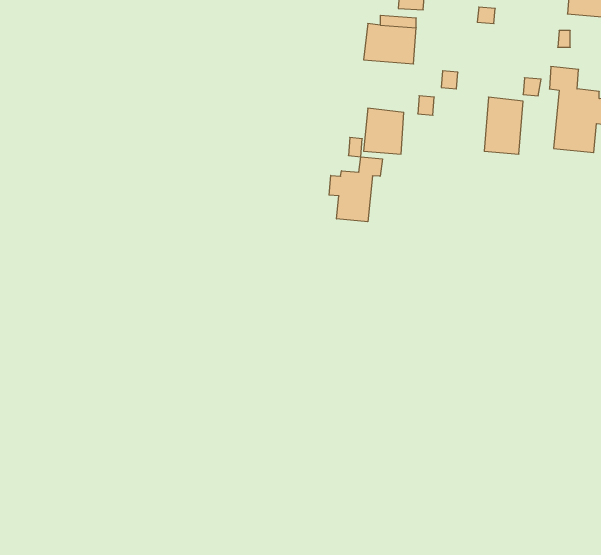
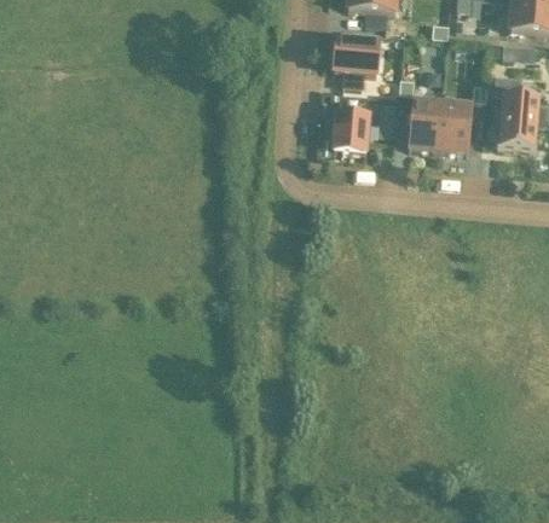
building: none -> [408,99,441,149]
building: [329,157,382,222] -> none

